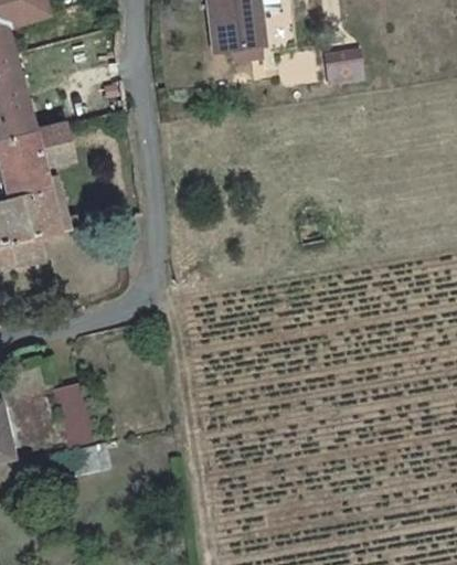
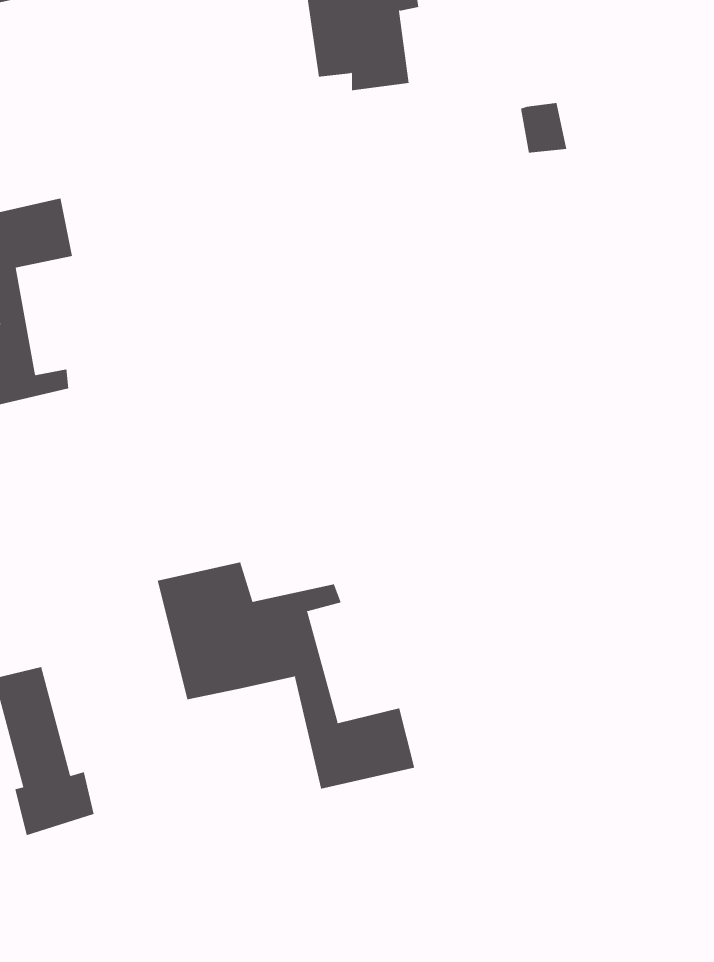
building: none -> [157,562,415,790]

